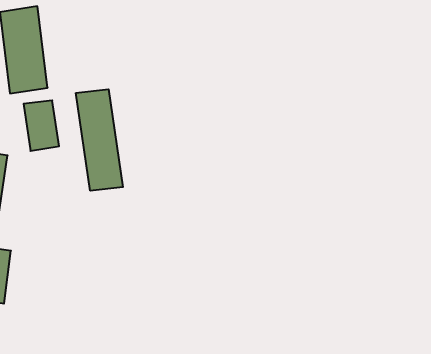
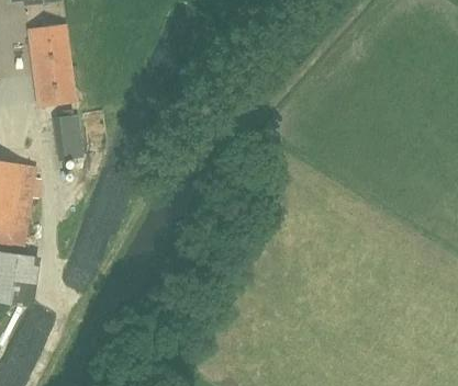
building: [76,89,123,191] -> none

